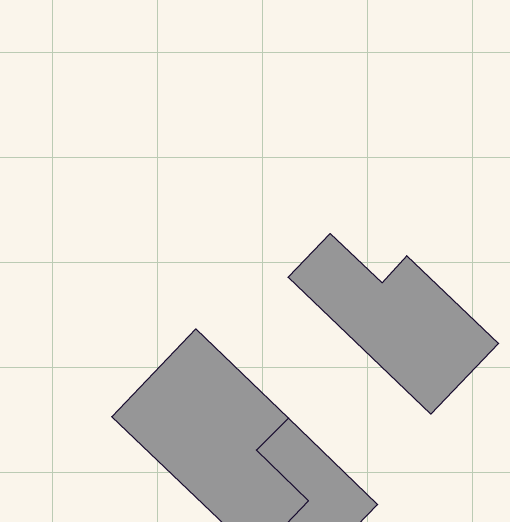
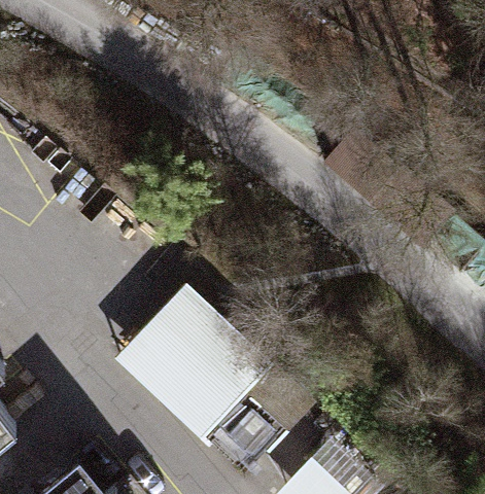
building: [288,234,499,414] -> none

